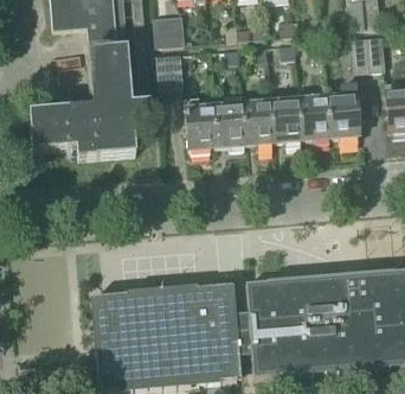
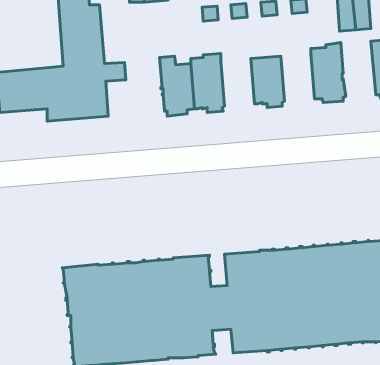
building: [158,52,184,87] -> none
building: [300,89,332,141] -> none
building: [243,97,275,146] -> none

